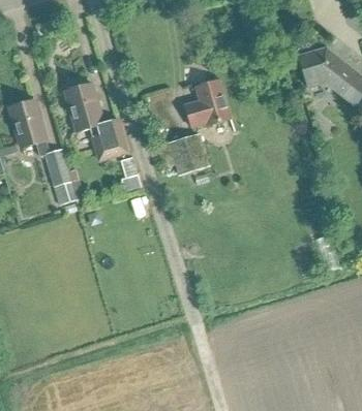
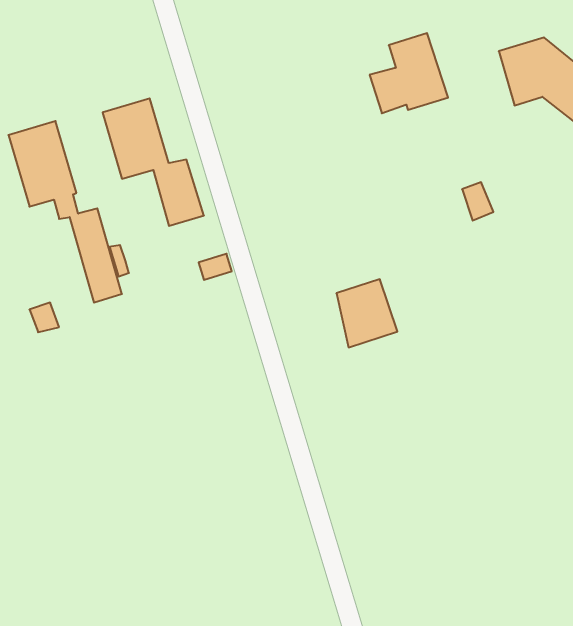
building: [183,78,230,126] -> [370,33,448,113]
building: [171,133,207,173] -> [336,279,397,347]

